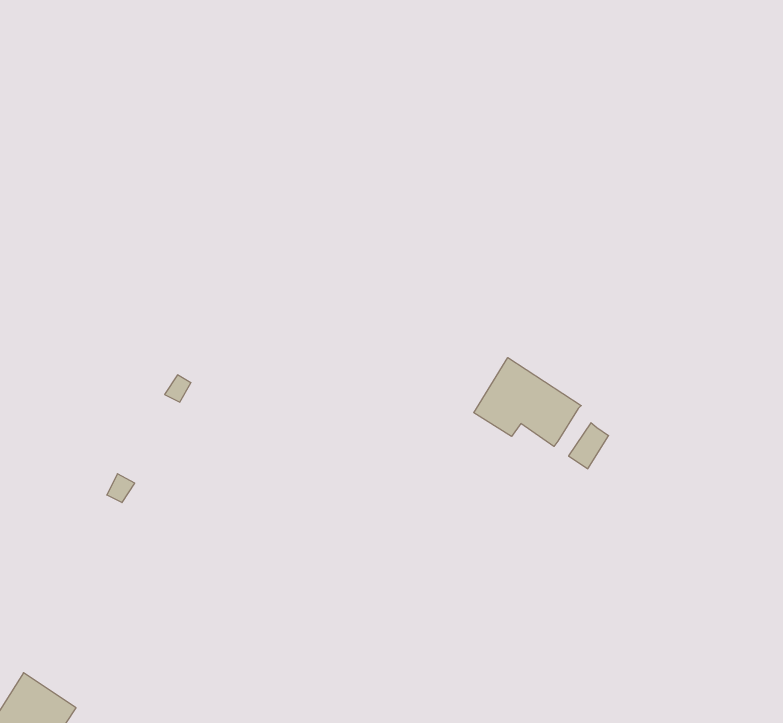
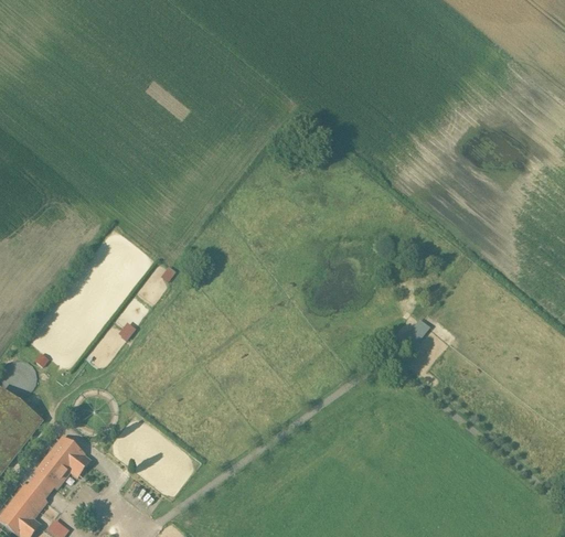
building: [474,358,581,446] -> none

